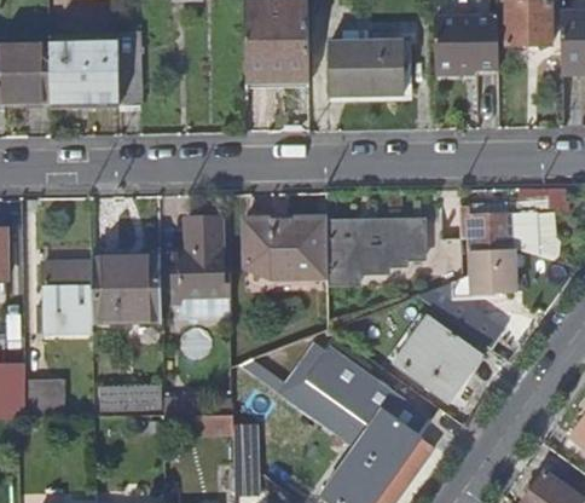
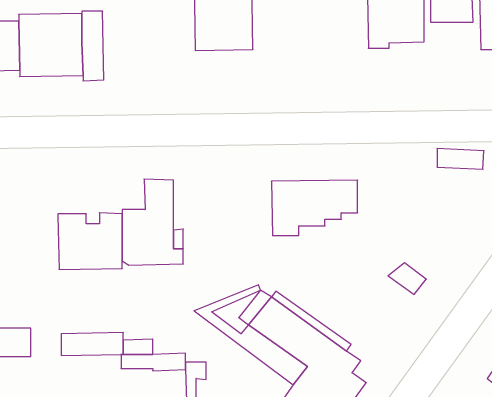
building: [330,40,406,94] -> none
building: [445,203,554,302] -> none
building: [247,218,330,288] -> none
building: [45,260,95,334] -> none
building: [395,317,477,398] -> none

